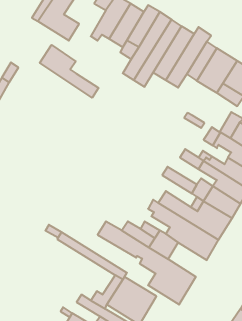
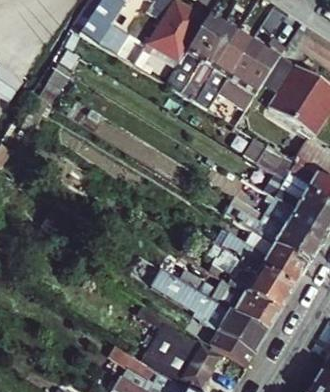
building: [40,45,98,98] -> none
building: none -> [233,295,279,336]

